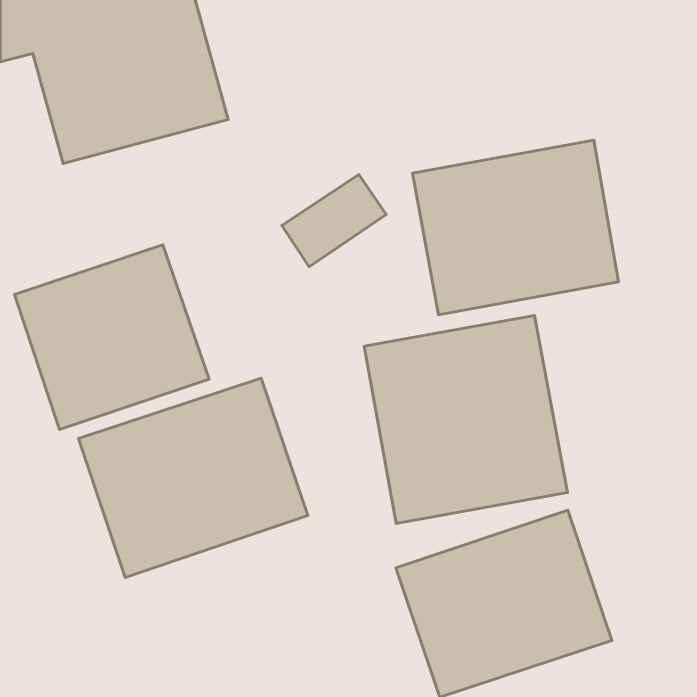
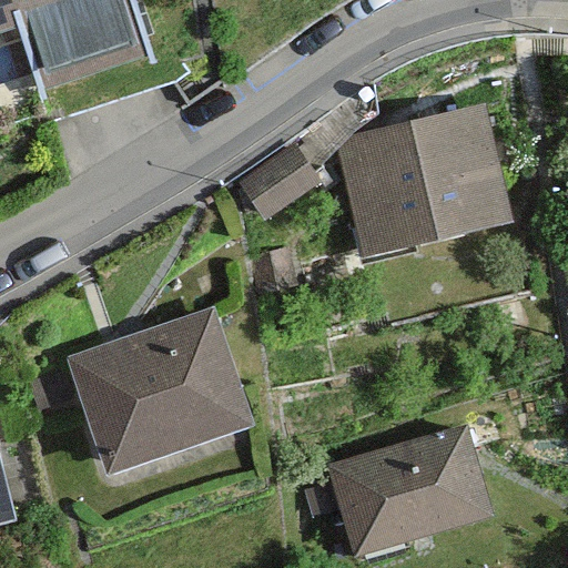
building: [14,245,209,429] -> none
building: [364,316,567,523] -> none

